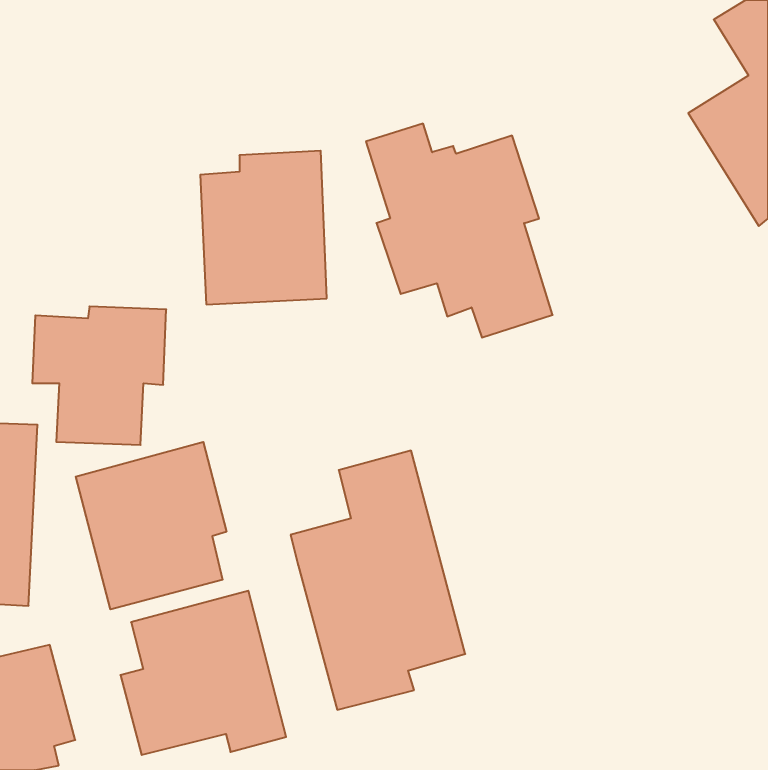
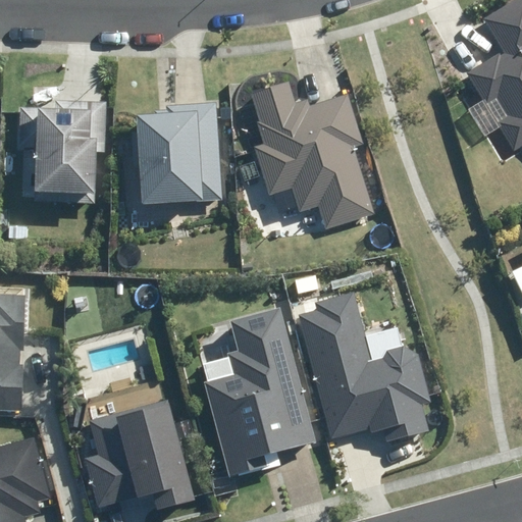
building: [32,306,166,445] -> [17,101,108,195]
building: none -> [297,293,428,442]
building: [76,442,226,609] -> none

